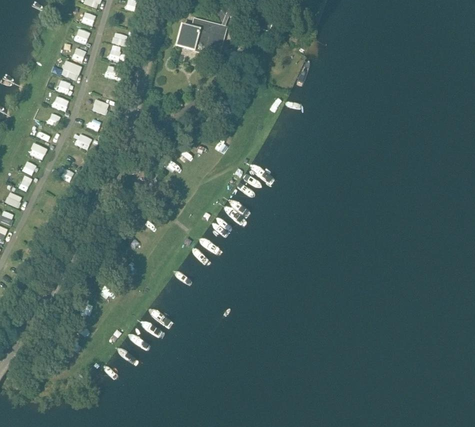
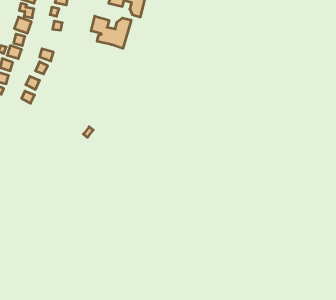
building: none -> [91,16,131,48]

